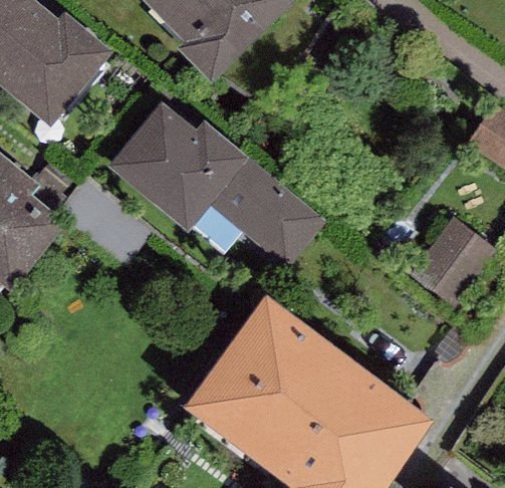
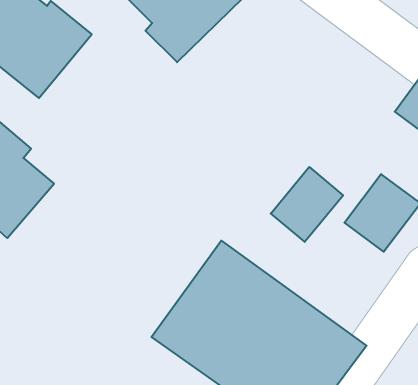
building: [107,100,326,270] -> none
building: none -> [271,167,343,242]

